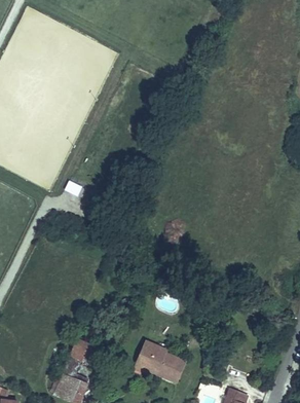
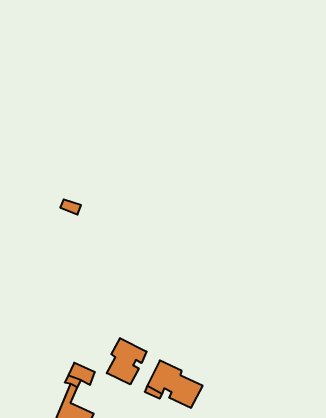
building: none -> [107,338,147,384]

